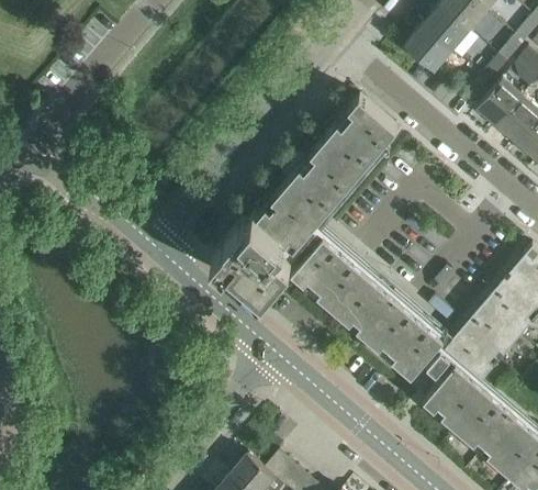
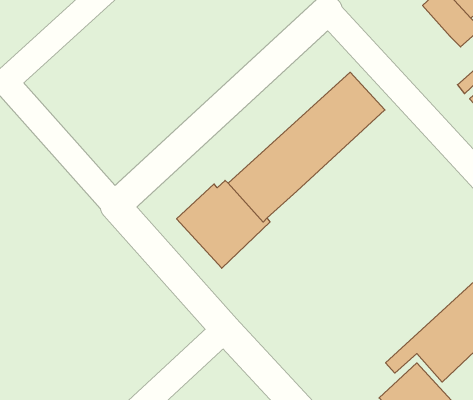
building: [404,26,451,74] -> none
building: [292,235,444,376] -> none

